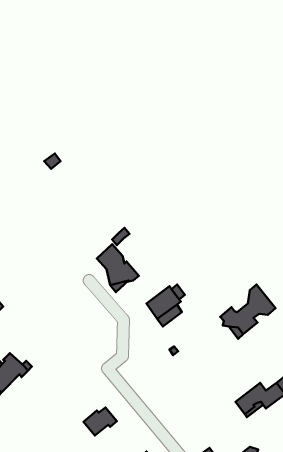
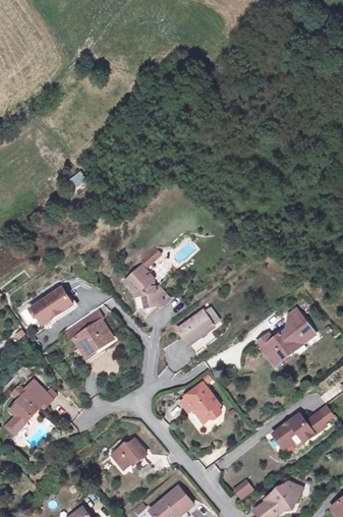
building: none -> [32,287,74,327]
building: none -> [72,320,112,358]
building: none -> [179,383,219,423]

